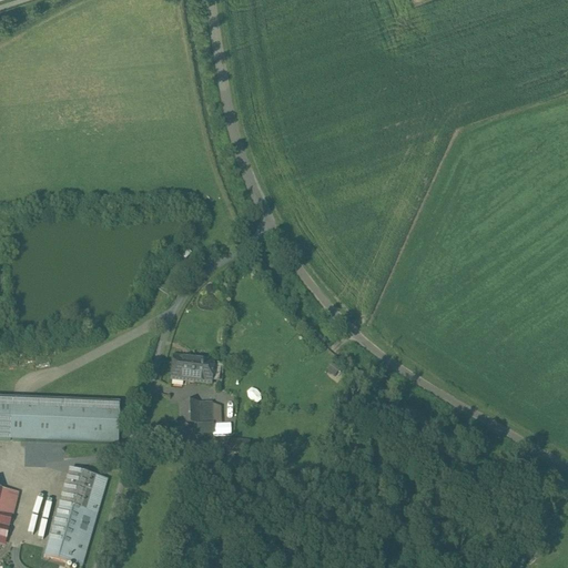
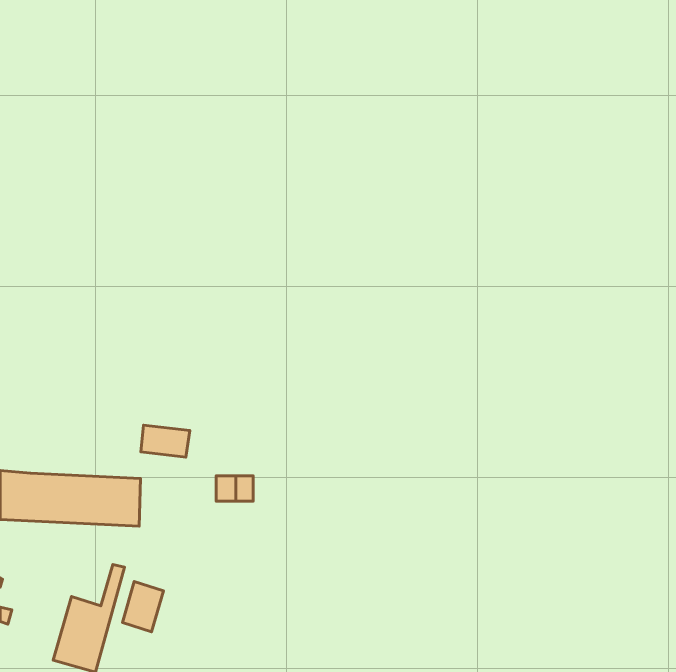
building: [173,353,214,379] -> [141,425,190,457]
building: [61,465,95,507] -> [122,582,163,632]

